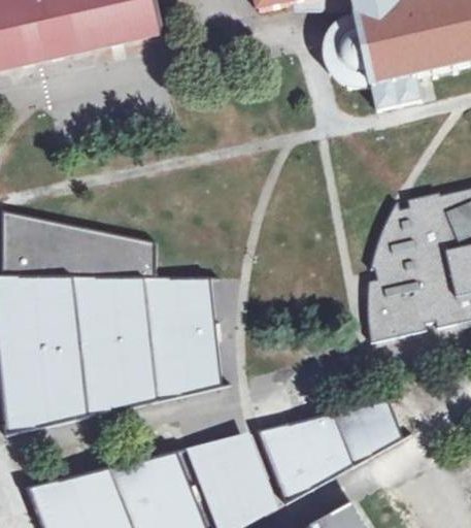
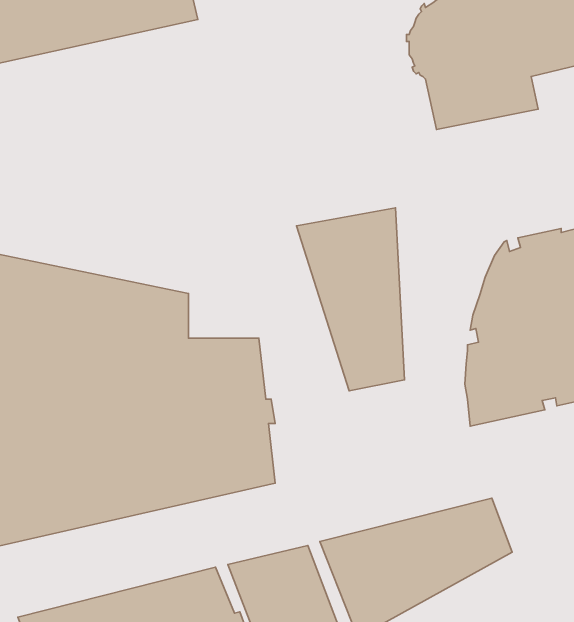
building: none -> [297,208,404,391]

